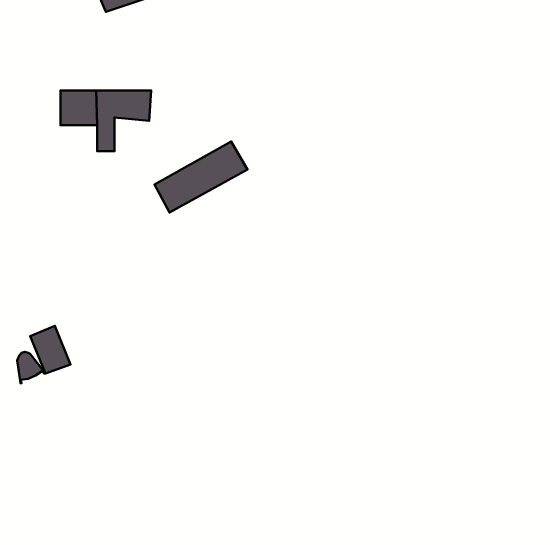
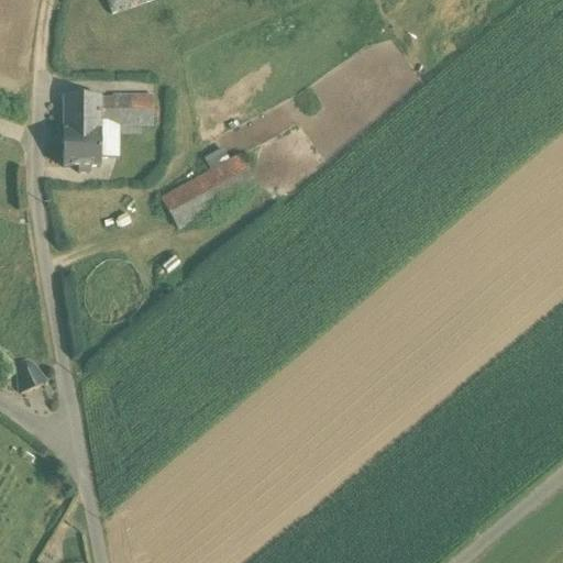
building: none -> [63,128,101,169]
building: [30,326,71,373] -> none

